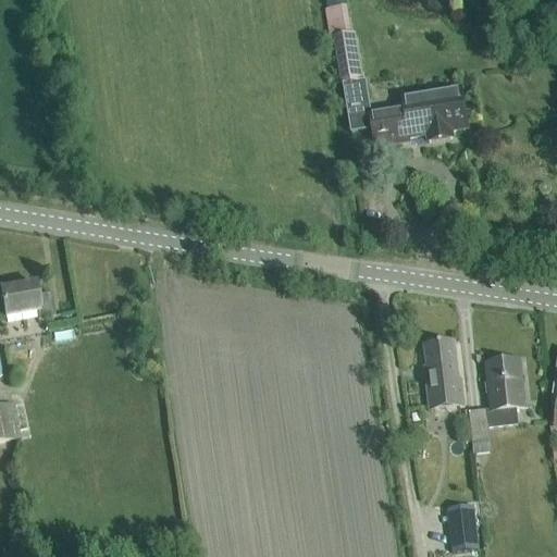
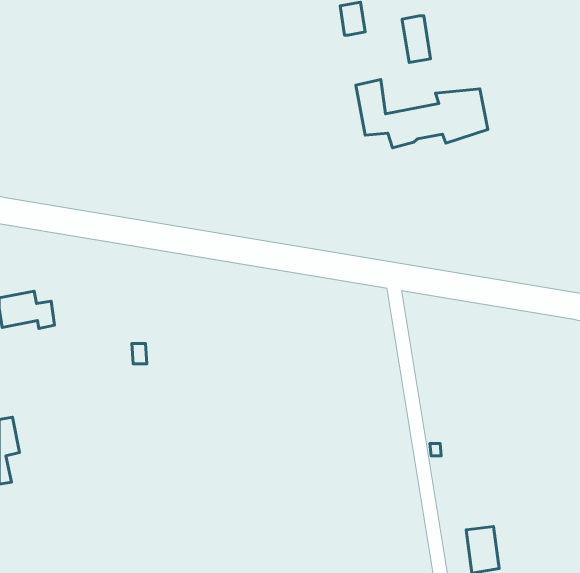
building: [333,30,360,75] -> [402,16,431,62]
building: [424,337,461,407] -> none
building: [468,358,522,449] -> none

